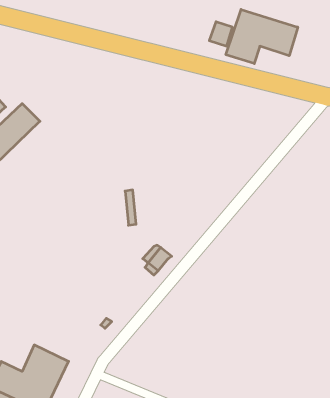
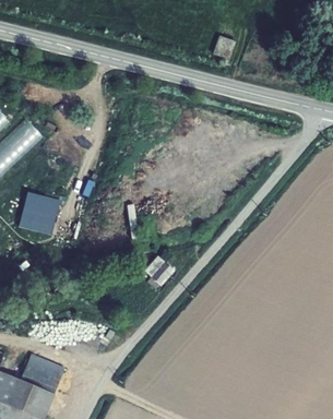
building: [226,9,298,64] -> none
building: none -> [17,191,60,235]

